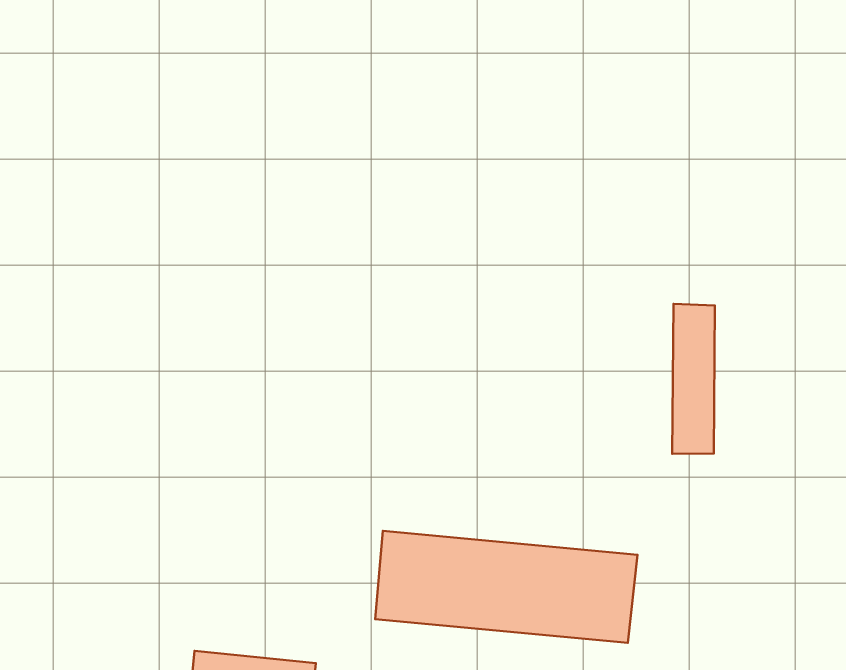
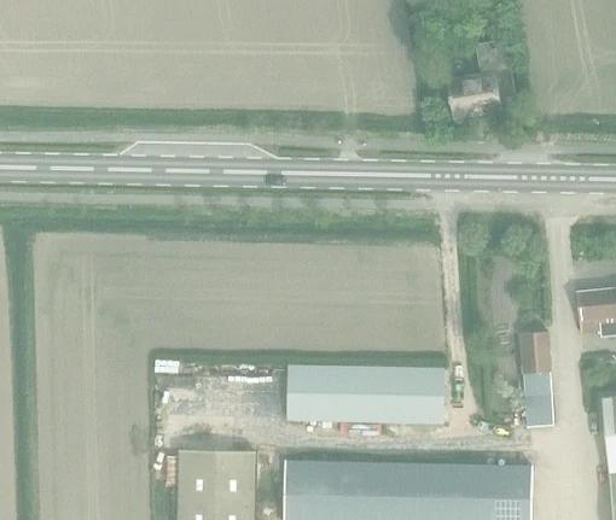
building: none -> [444,36,512,116]
building: [672,304,715,454] -> [519,333,552,426]

